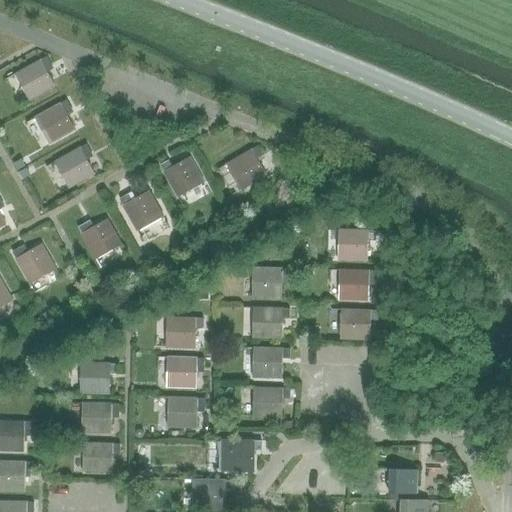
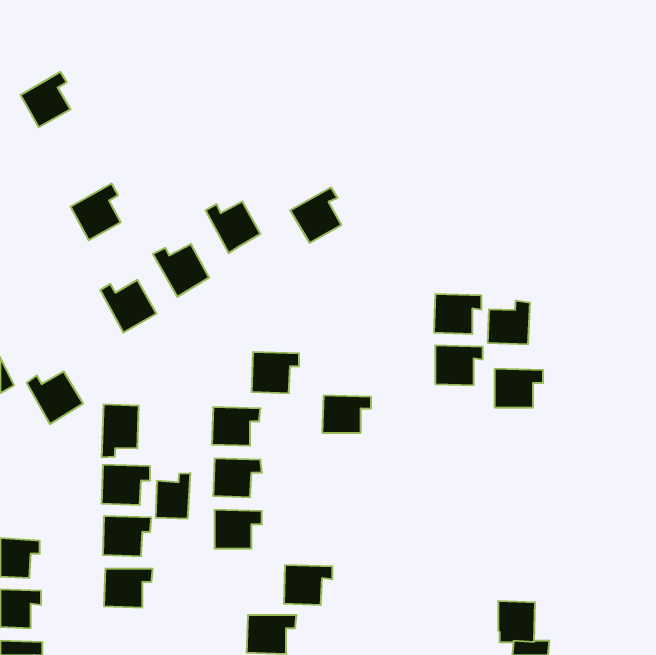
building: [35,100,75,143] -> none
building: none -> [488,300,530,344]
building: [12,243,56,284] -> [27,371,83,424]
building: [252,267,289,299] -> [252,352,299,393]
building: [340,309,378,339] -> [495,369,543,407]
building: none -> [102,404,139,457]
building: [252,347,289,378] -> none
building: none -> [156,473,190,519]
building: [252,387,290,417] -> none

